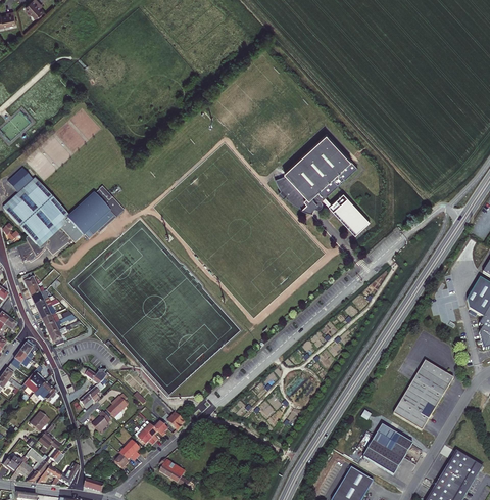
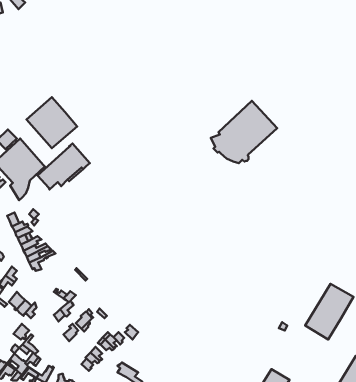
building: none -> [26,97,77,148]
building: [323,191,371,233] -> none
building: [362,423,412,474] -> none

